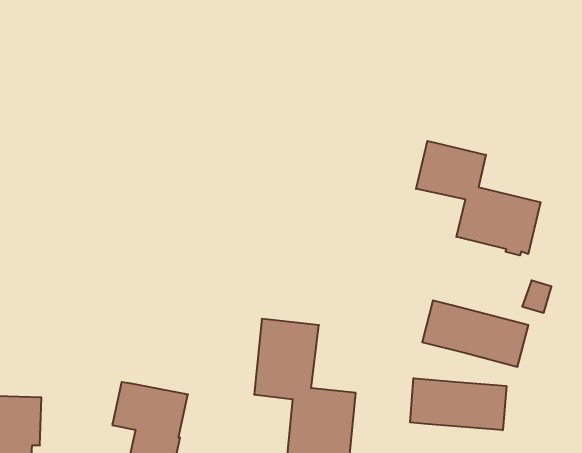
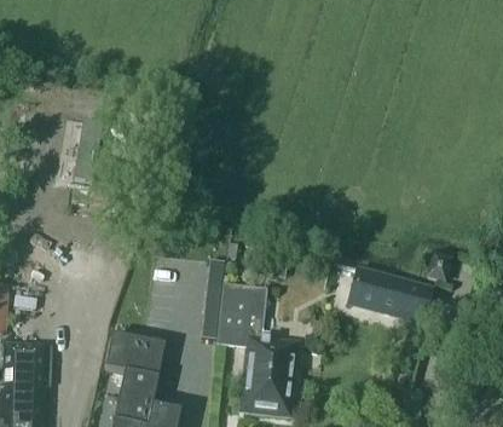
building: [416,141,541,255] -> none
building: [410,378,506,430] -> none

